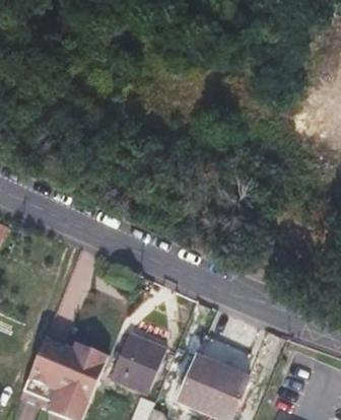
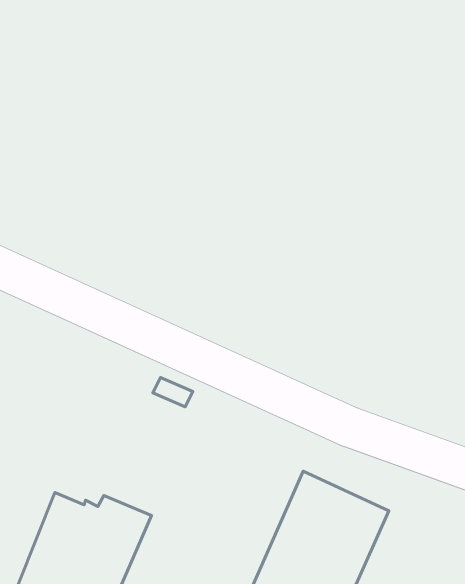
building: [114,333,168,393] -> none

